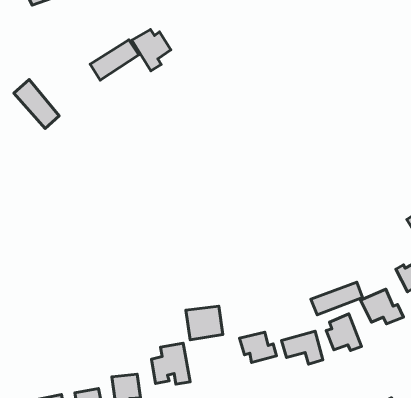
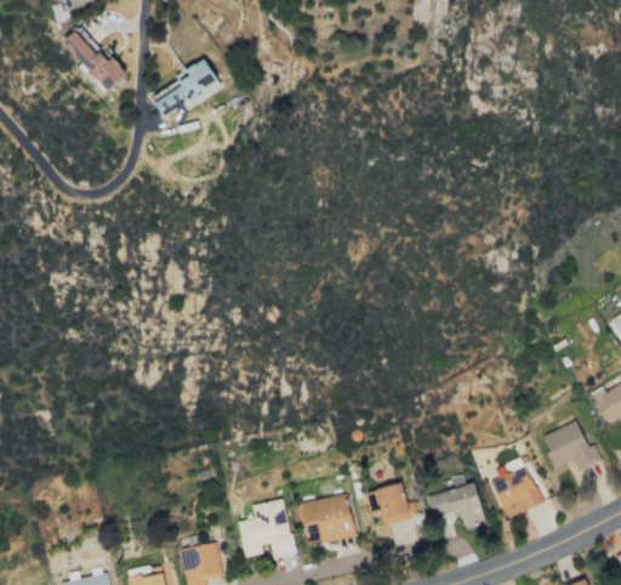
building: [132,29,171,71] -> none
building: [14,80,59,128] -> [61,23,126,93]
building: [311,282,362,315] -> none
building: [186,306,223,340] -> [301,495,354,544]

